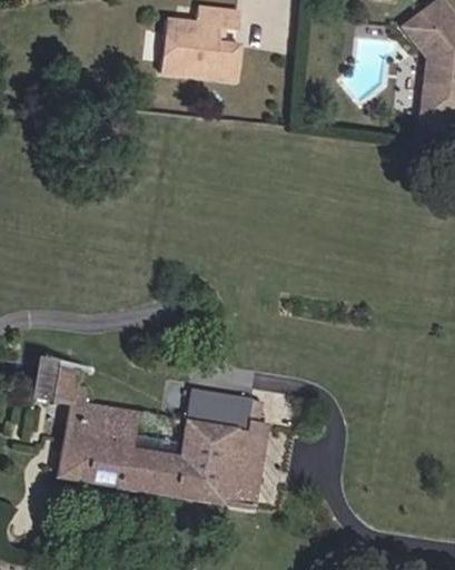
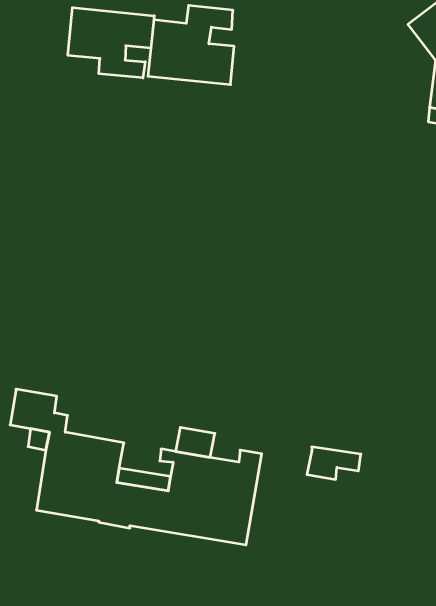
building: none -> [68,8,154,78]
building: [219,400,269,430] -> [307,447,361,479]

